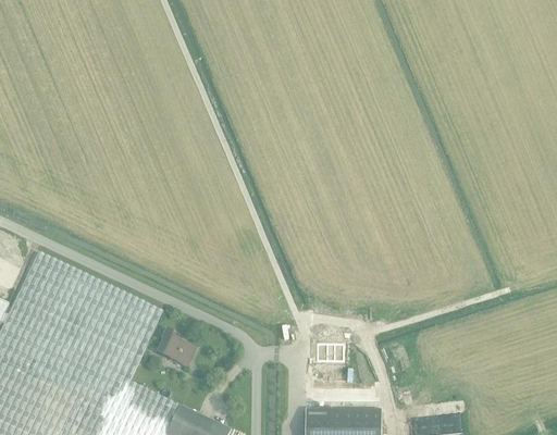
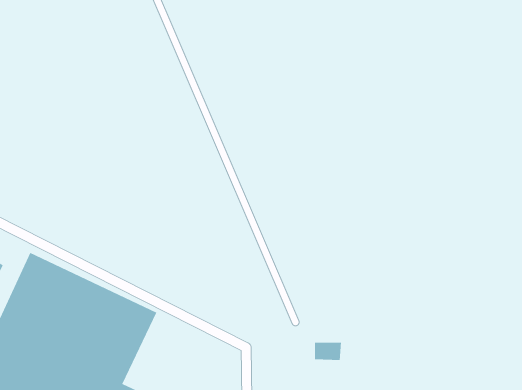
building: [157,331,195,366] -> none

